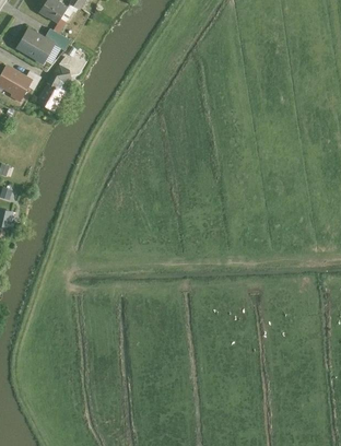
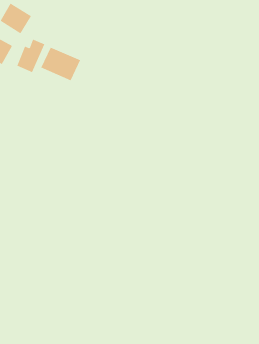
building: none -> [41,47,81,81]

